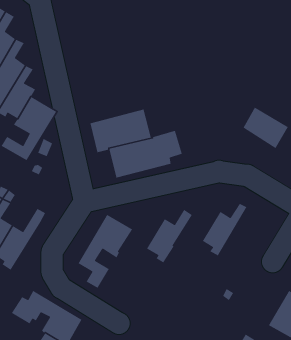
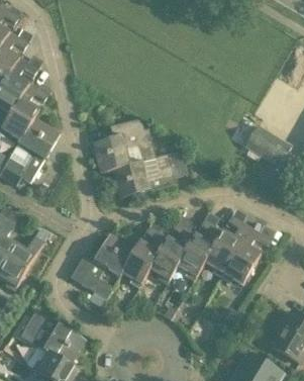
building: none -> [177,225,223,280]
building: none -> [221,226,262,284]
building: none -> [122,232,168,287]

